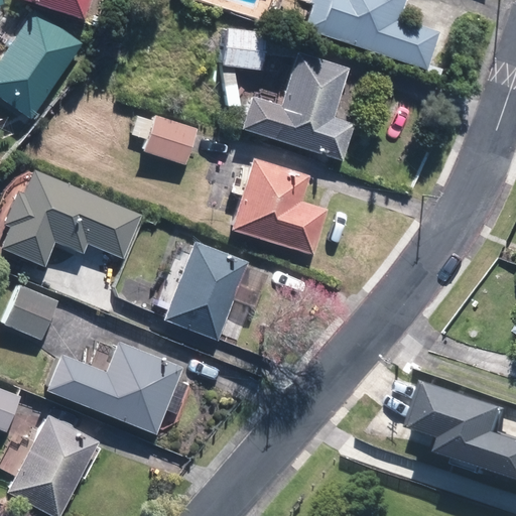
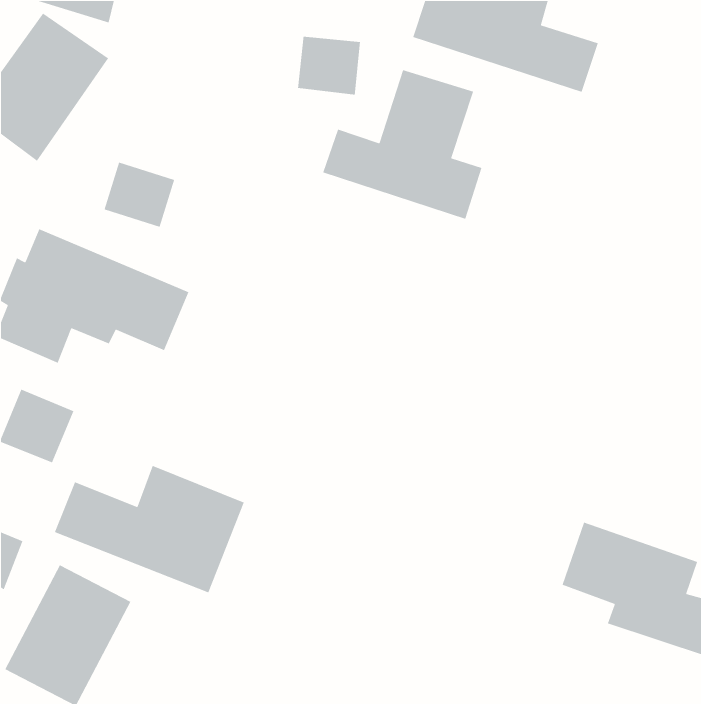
building: [144,117,197,165] -> [103,161,175,228]
building: [231,158,329,255] -> none
building: [162,240,249,341] -> none

